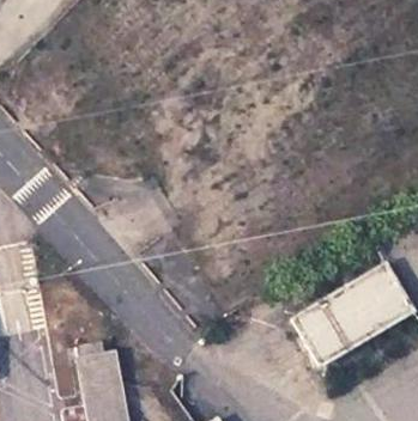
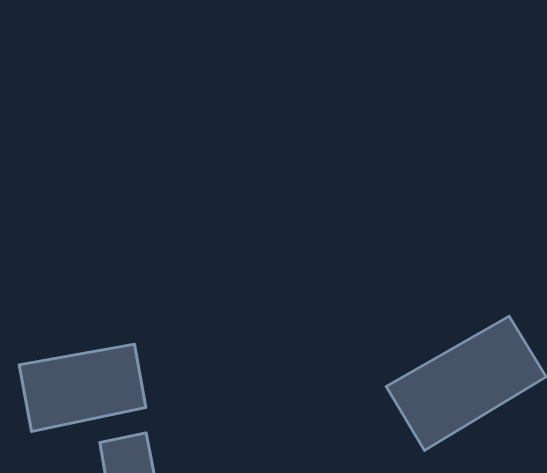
building: none -> [19,344,146,431]

